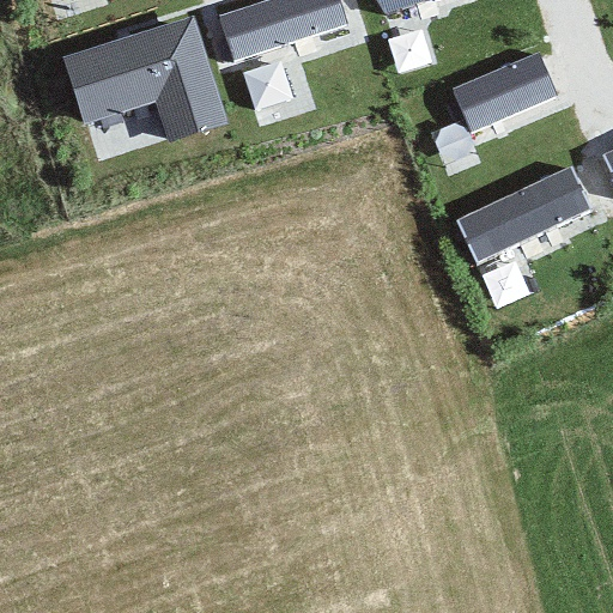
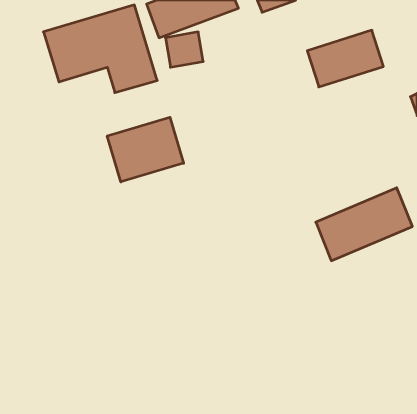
building: [454,165,595,272] -> [316,188,412,261]
building: none -> [107,117,184,182]

